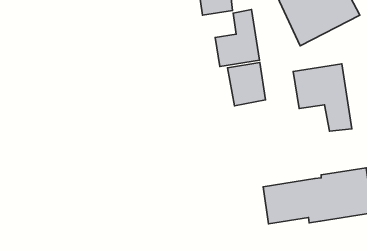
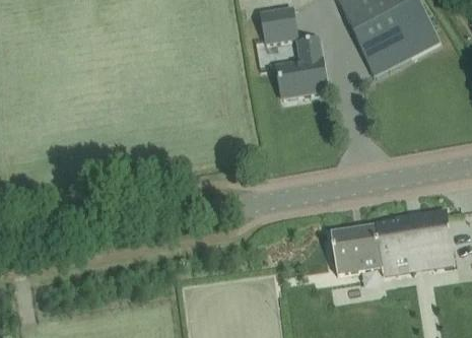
building: [228,63,265,106] -> none
building: [293,64,352,131] -> none

